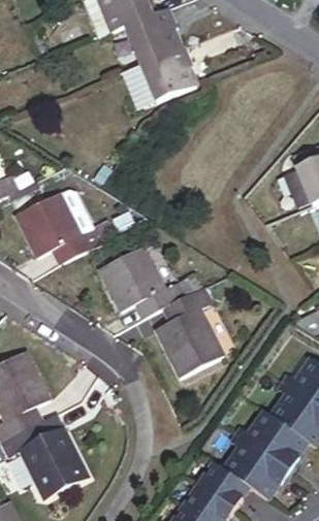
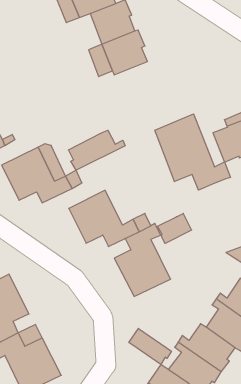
building: none -> [155,114,231,190]
building: none -> [68,130,125,170]
building: none -> [158,213,192,243]
building: none -> [129,328,171,364]

